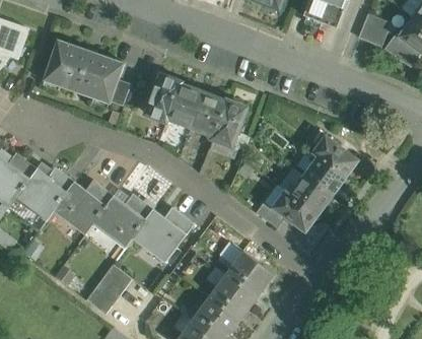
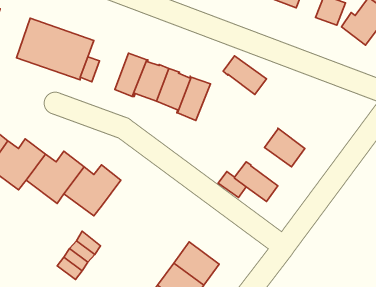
building: [312,135,358,176] -> [223,56,266,94]
building: [289,175,332,215] -> none
building: [132,206,193,261] -> none
building: [224,251,273,297] -> none

